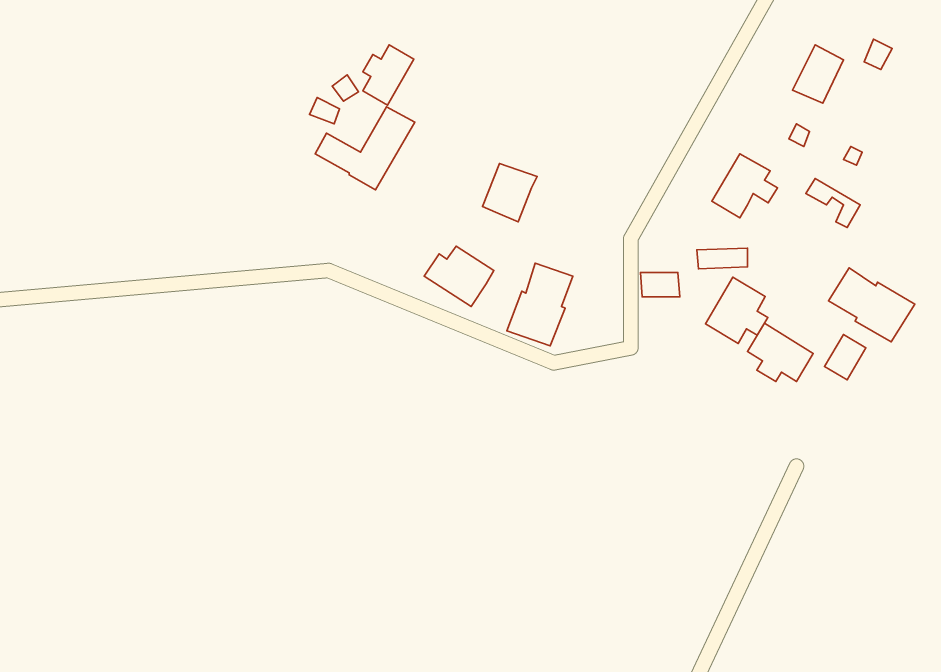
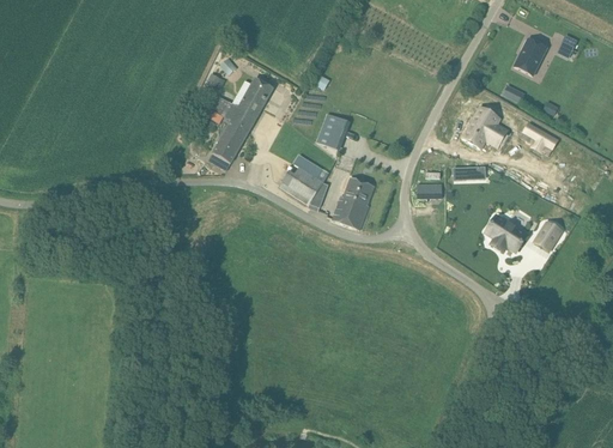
building: [363,45,414,105] -> none
building: none -> [208,120,248,169]
building: [828,268,915,342] -> none
building: [706,277,768,343] -> none

